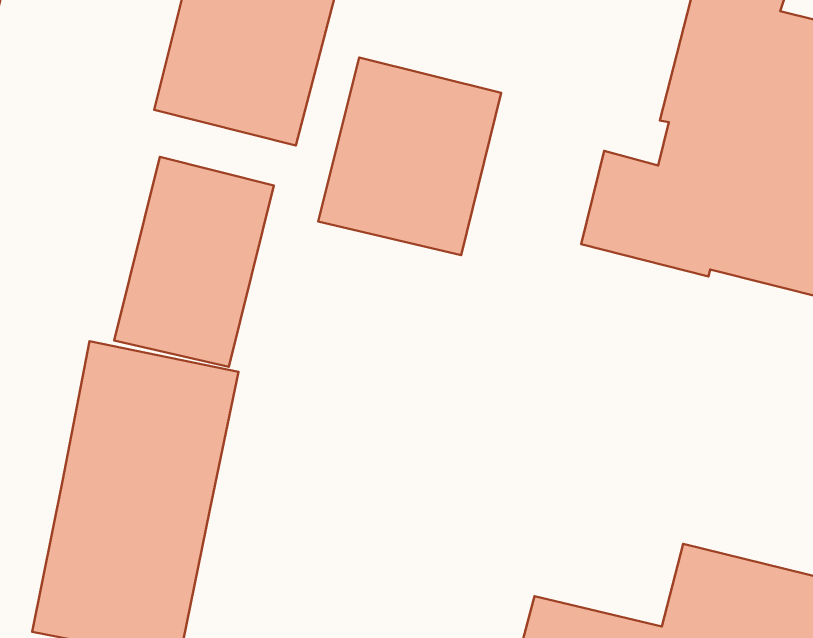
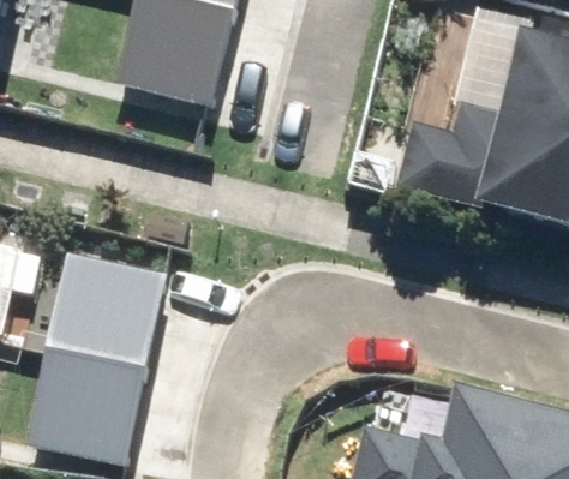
building: [318,57,501,255] -> none
building: [114,157,274,367] -> none

